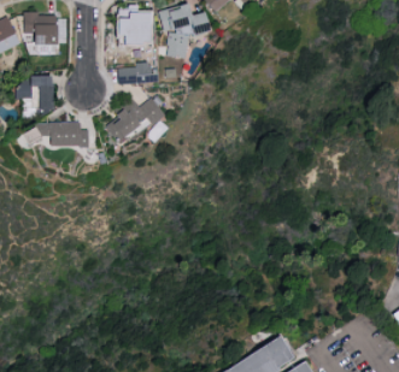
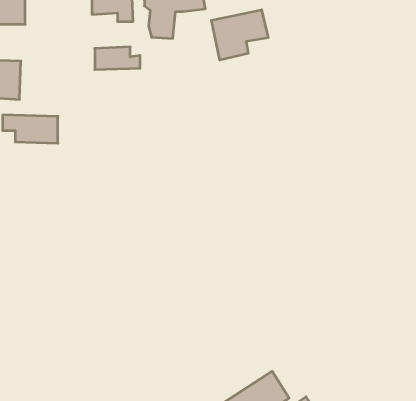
building: none -> [211,10,268,60]
building: [104,98,164,146] -> none

